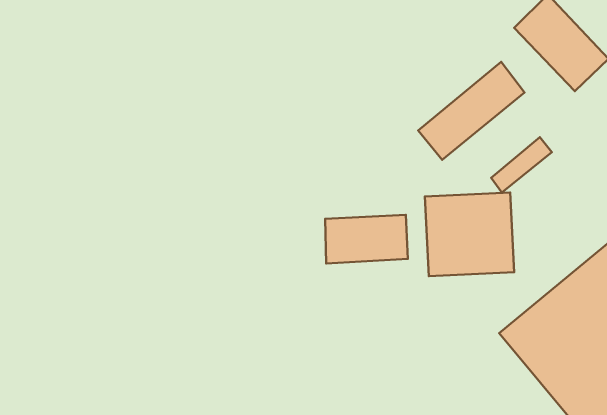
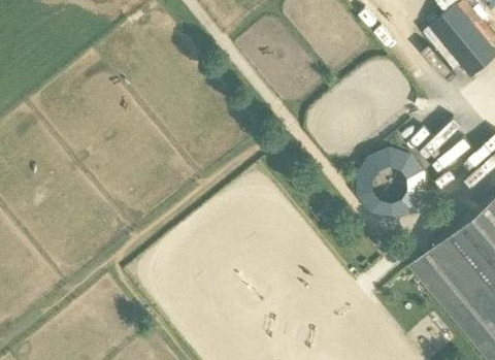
building: [418,62,525,160] -> none
building: [325,215,408,264] -> none

